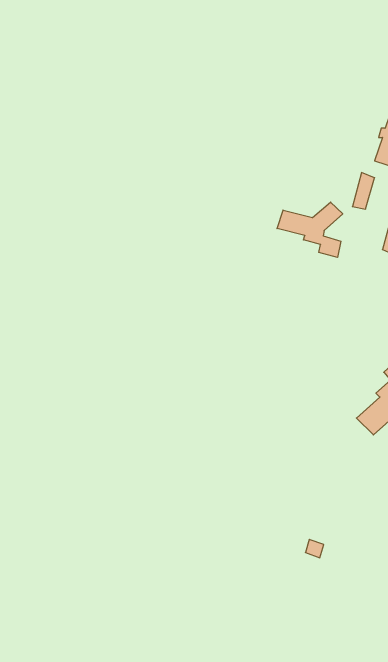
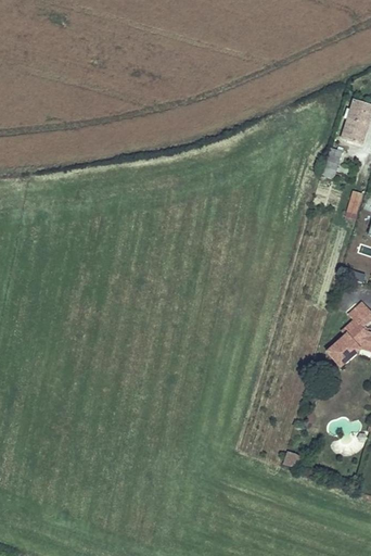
building: [277,202,343,257] -> none

